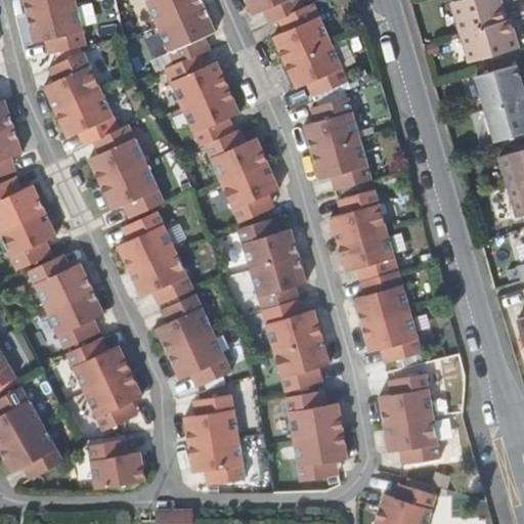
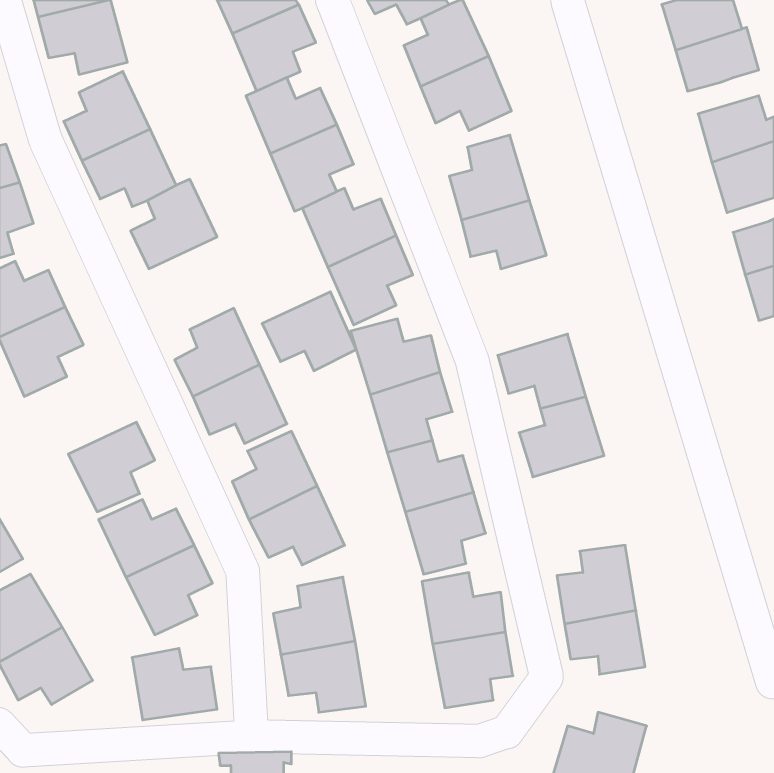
building: [100,162,164,215] -> [262,292,356,371]
building: [328,186,383,242] -> none
building: [28,256,92,308] -> none
building: [359,309,419,356] -> none

